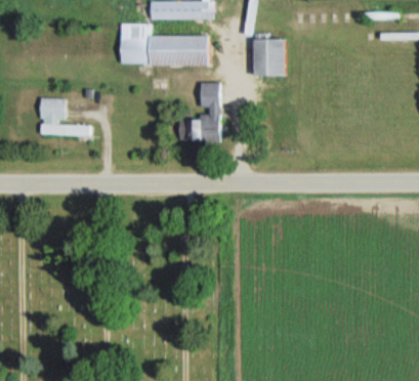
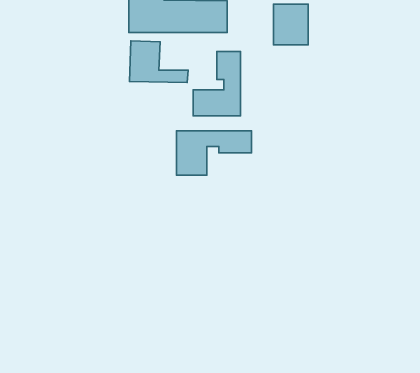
building: [39,97,92,135] -> [130,41,188,83]
building: none -> [177,131,252,175]

